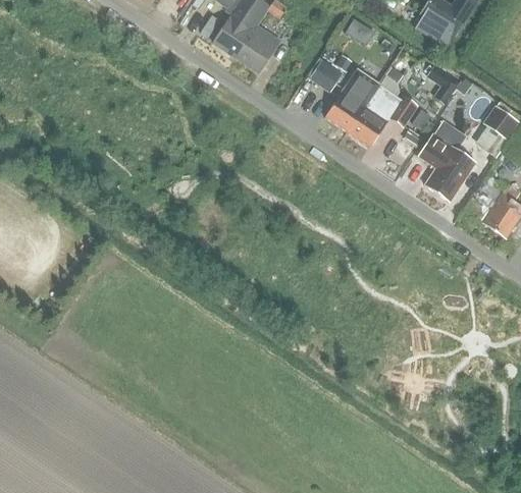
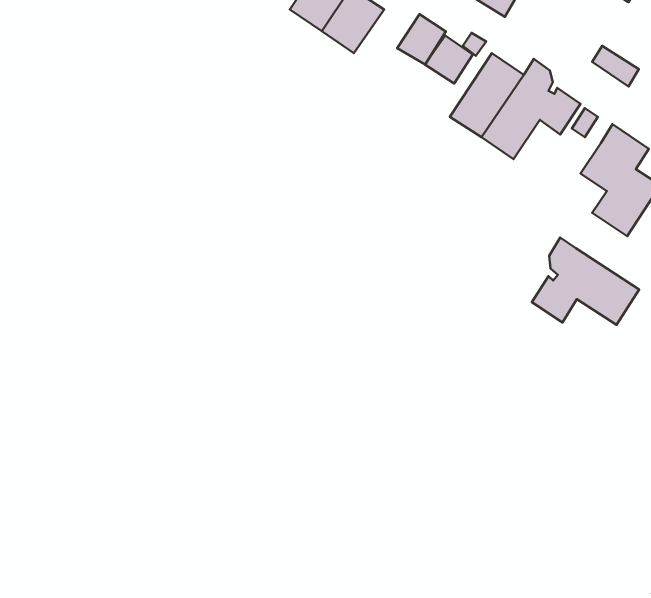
building: none -> [397,14,446,65]
building: none -> [532,237,639,325]

